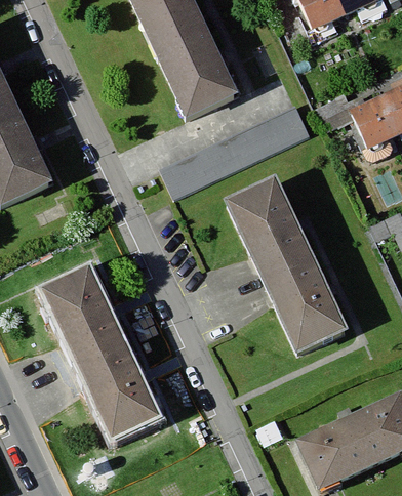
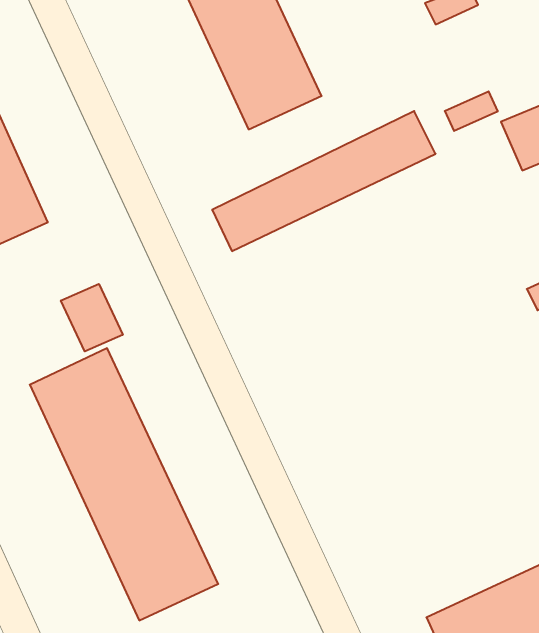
building: [227,177,350,354] -> none
building: none -> [61,284,123,351]

